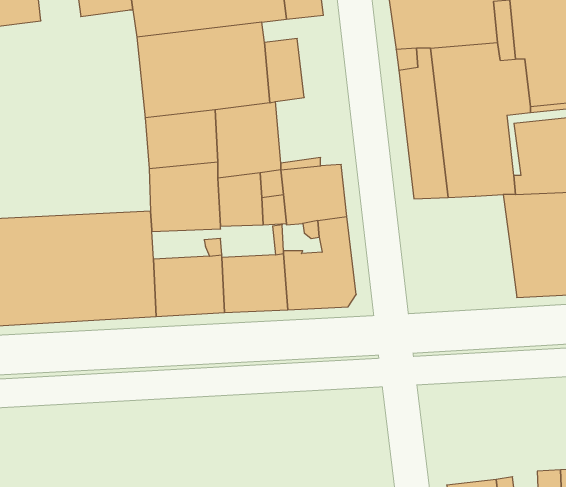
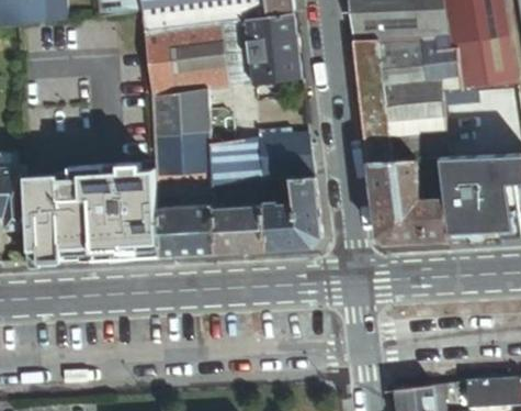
building: none -> [245,13,301,79]
building: none -> [366,158,449,243]

